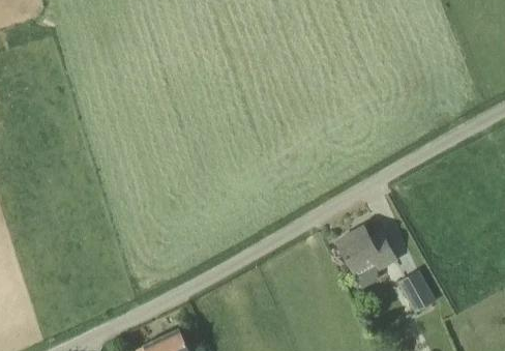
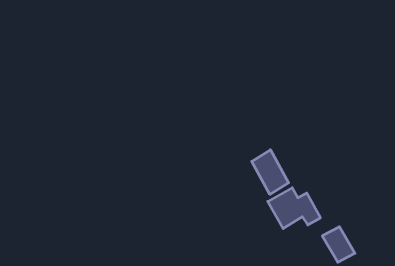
building: none -> [252,150,289,194]

